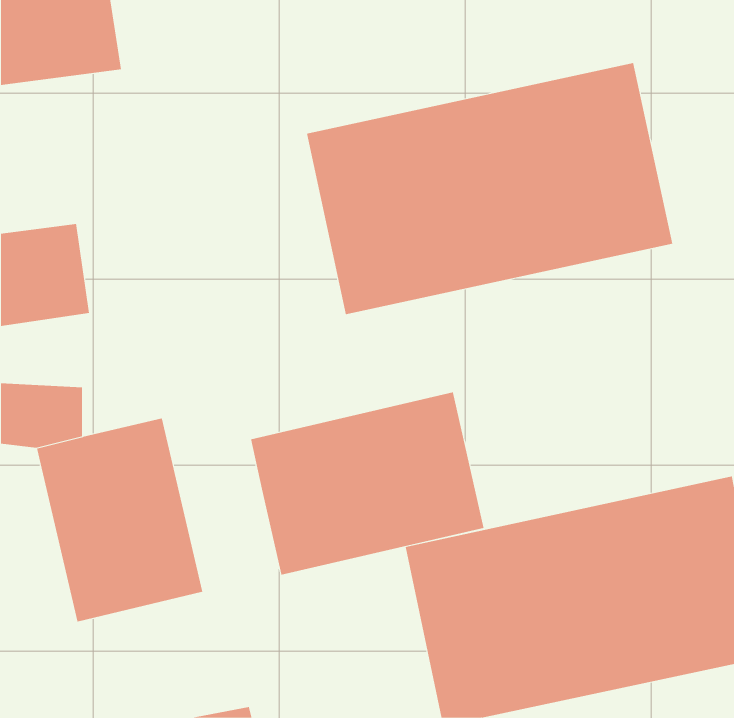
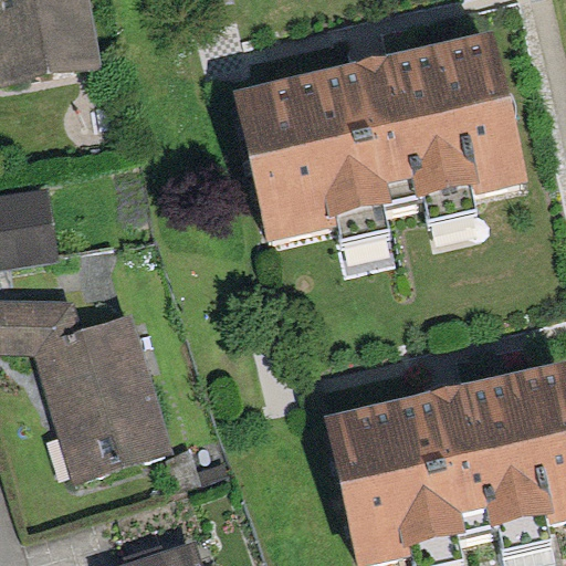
building: [251,392,484,576] -> none

